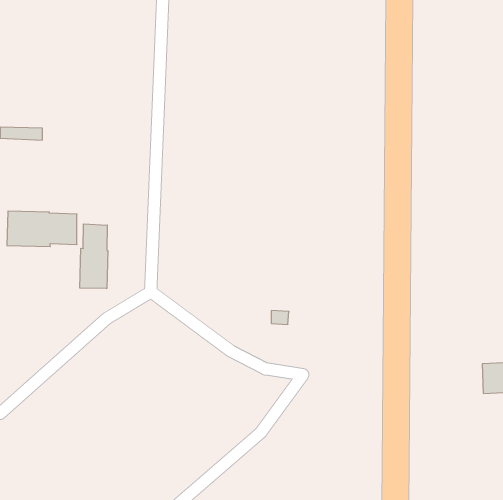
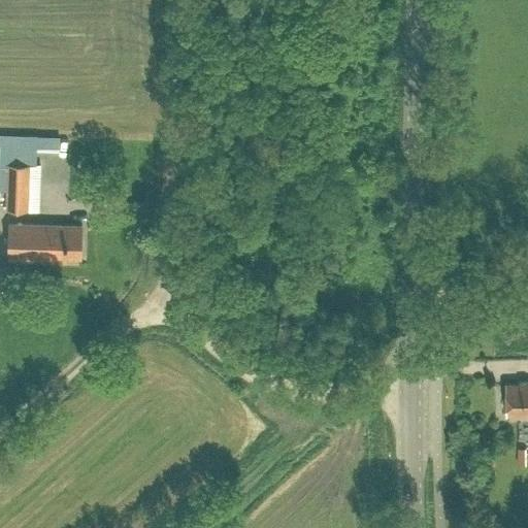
building: none -> [6,166,29,212]
building: [80,224,108,289] -> none

